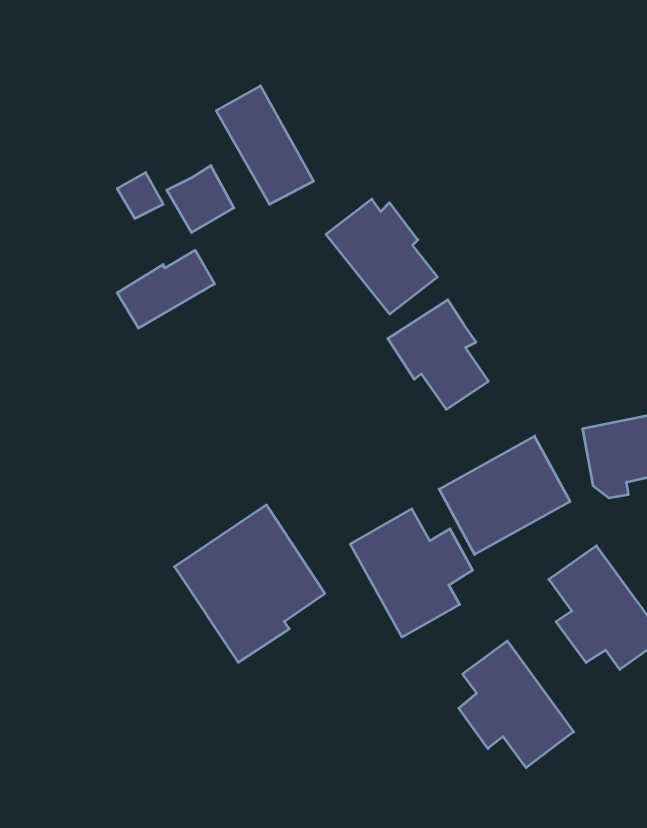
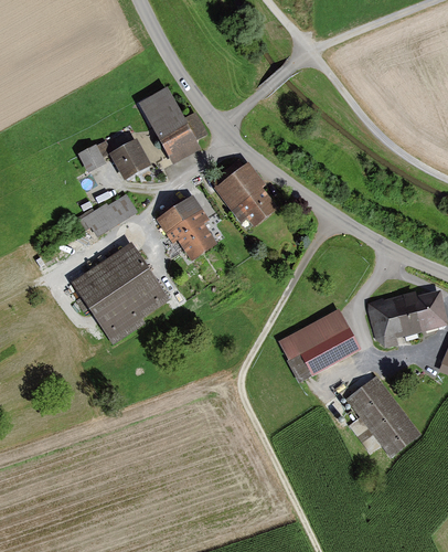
building: [388,300,488,409] -> [156,192,218,261]
building: [174,505,325,662] -> [74,243,168,341]
building: [350,509,473,637] -> none
building: [459,641,574,768] -> none

